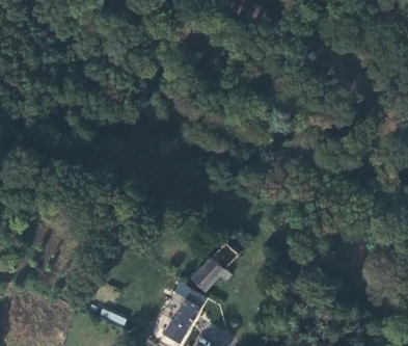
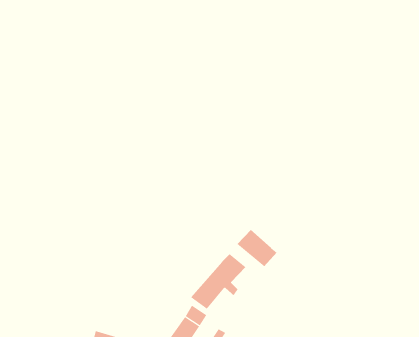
building: none -> [236,229,277,267]

